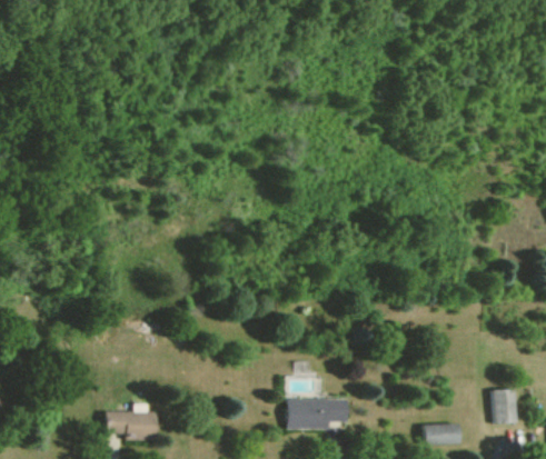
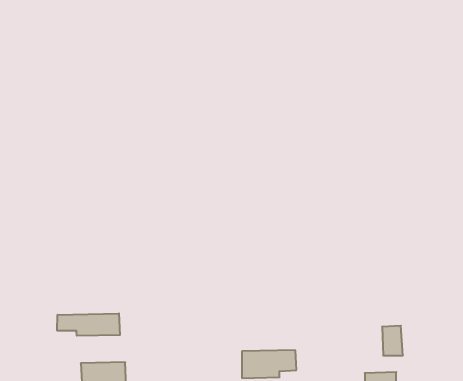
building: none -> [57,313,120,336]
building: [494,389,517,422] -> [382,326,403,355]

